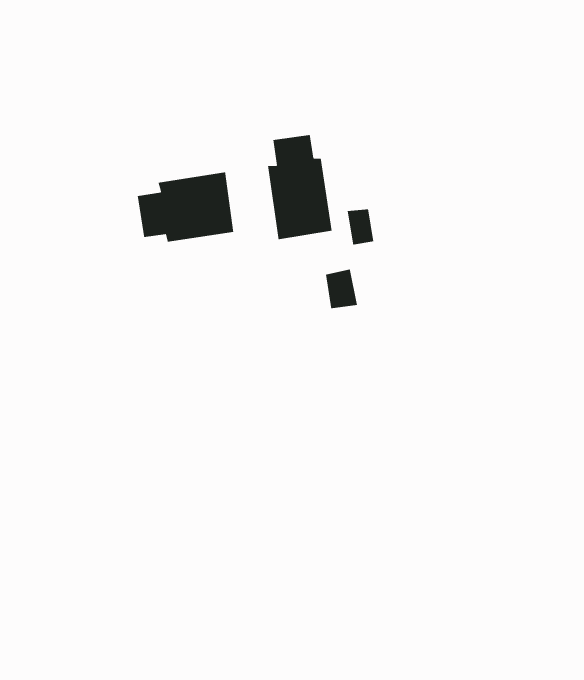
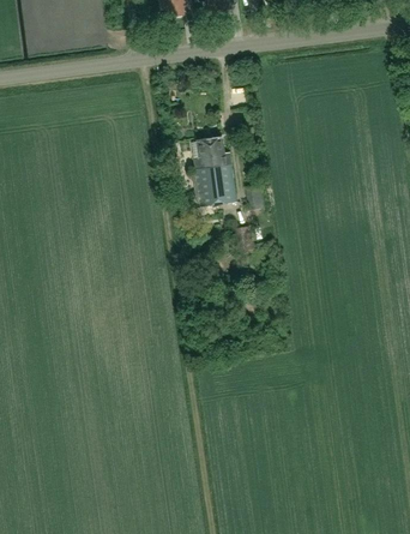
building: [137,172,234,242] -> none

